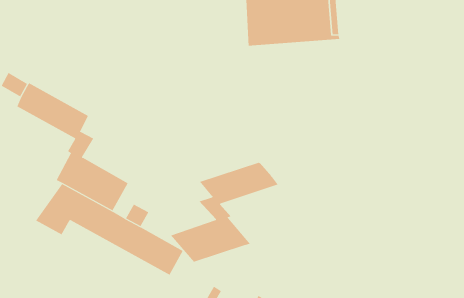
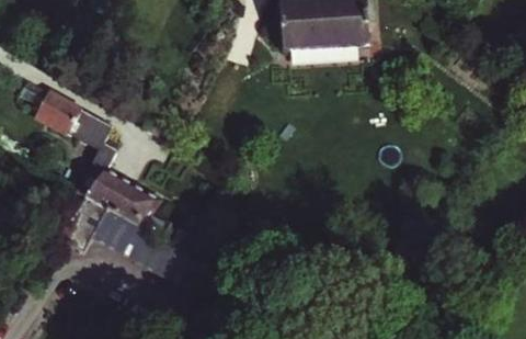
building: [170,162,278,263] -> none

